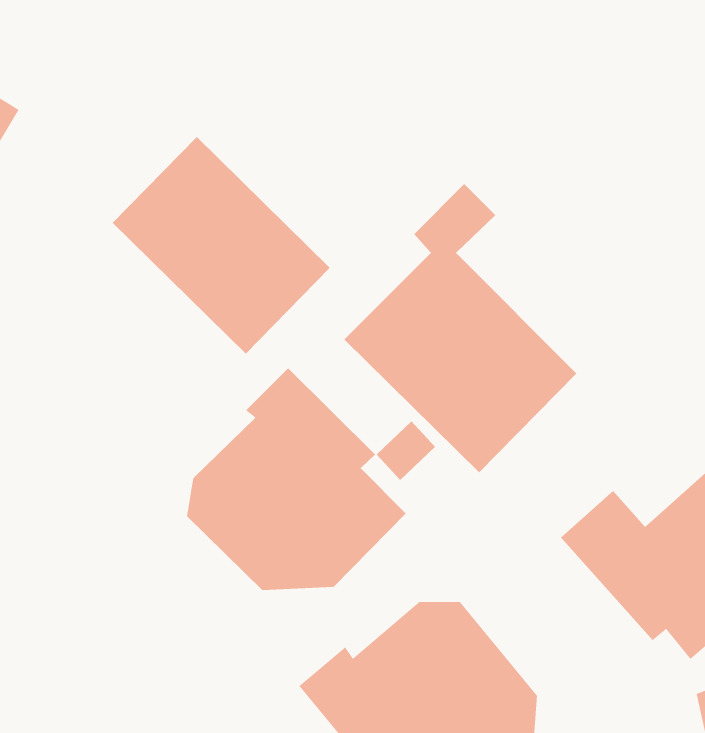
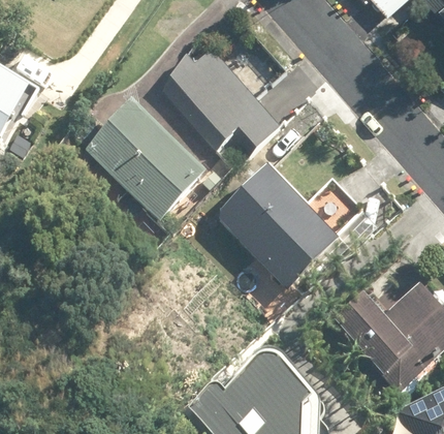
building: none -> [158,45,282,154]
building: [187,367,407,591] -> none

